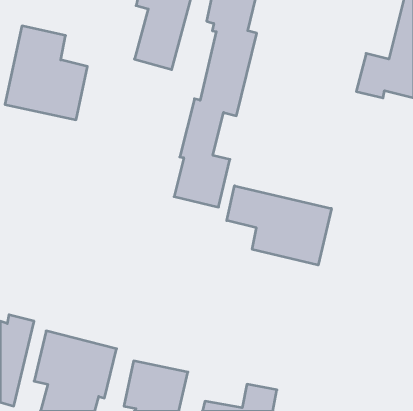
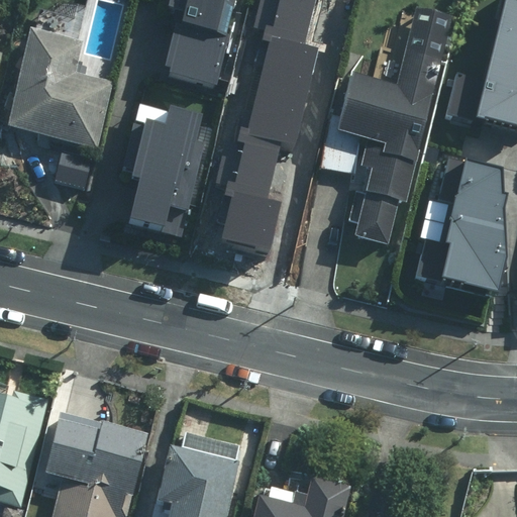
building: none -> [334,12,450,246]
building: none -> [125,106,206,232]
building: none -> [416,149,508,296]
building: [227,186,331,265] -> none

